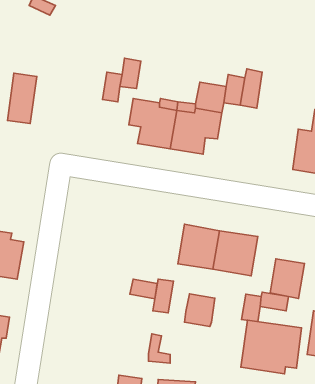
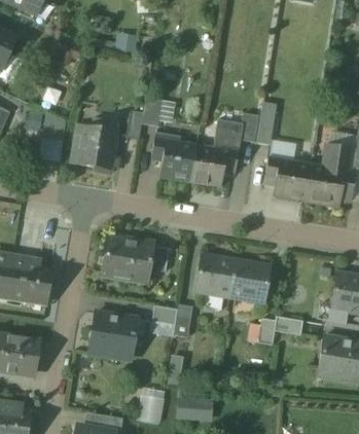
building: none -> [77,119,117,174]
building: none -> [264,157,311,201]
building: none -> [103,238,155,282]
building: [270,259,305,299] -> none
building: none -> [89,312,140,360]
building: [184,294,215,327] -> none
building: [241,320,301,374] -> none

